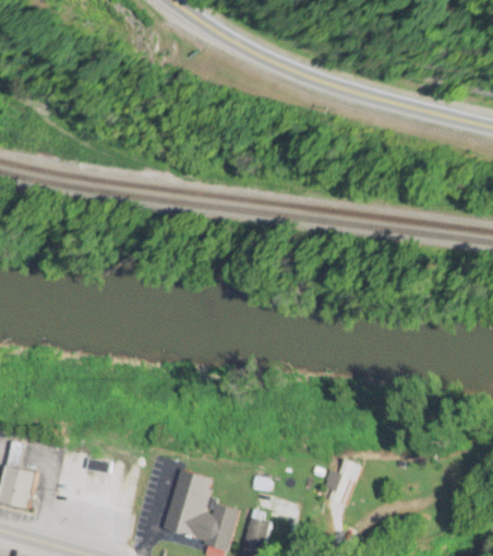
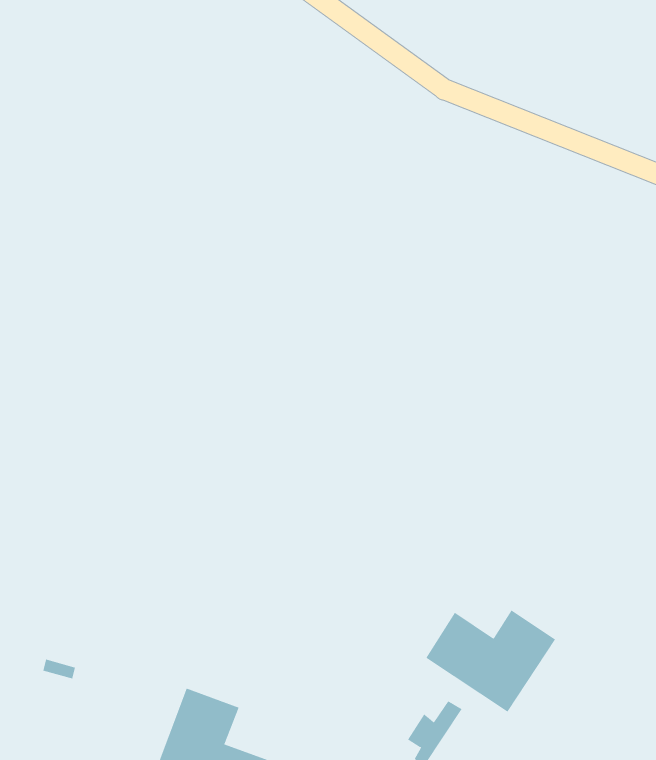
building: none -> [426,610,556,713]

